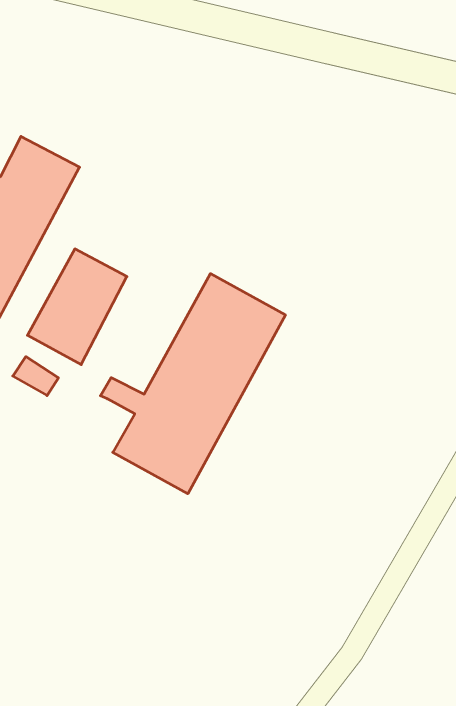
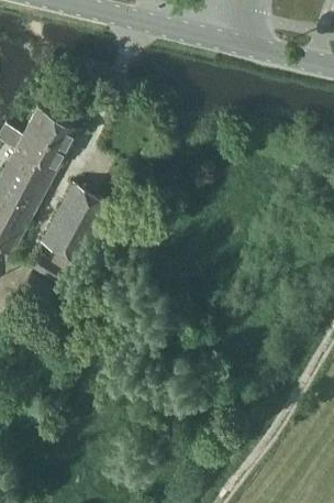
building: [100,274,285,494] -> none

